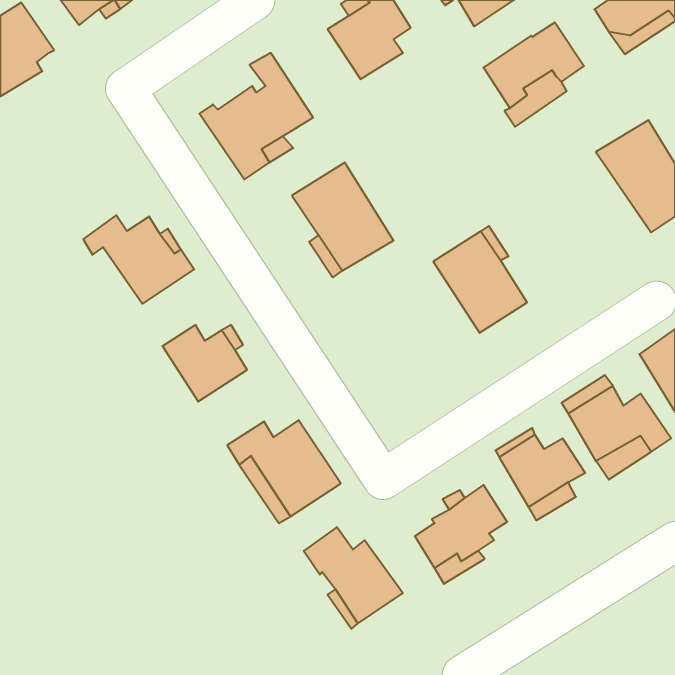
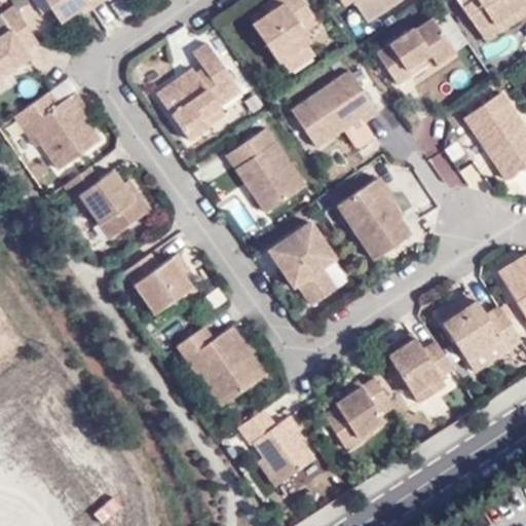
building: none -> [293,71,381,147]
building: none -> [15,90,102,167]
building: none -> [267,222,336,303]

